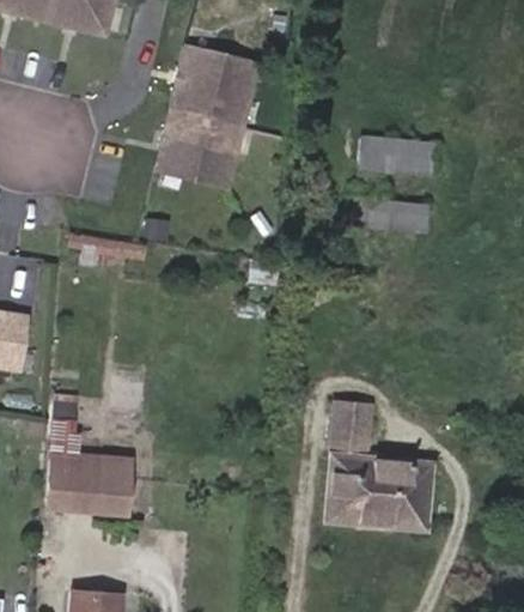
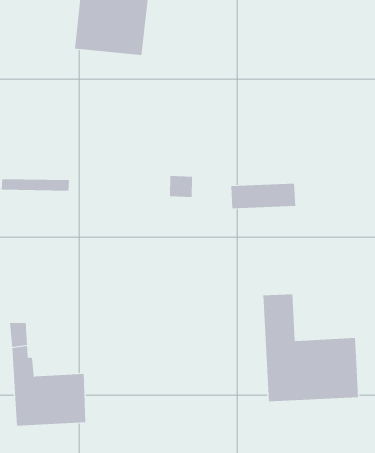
building: [156,104,244,186] -> none
building: [361,138,434,172] -> none
building: [355,198,428,230] -> [230,183,296,209]

